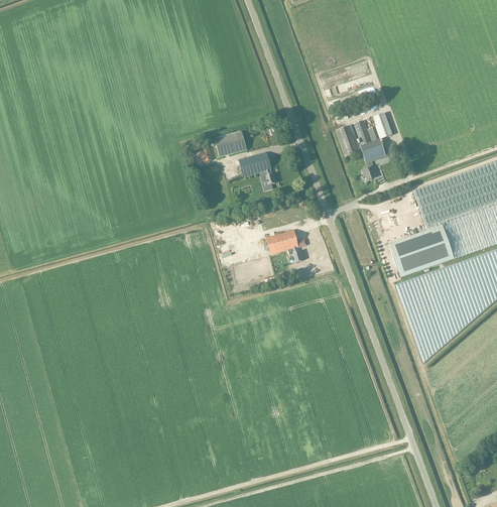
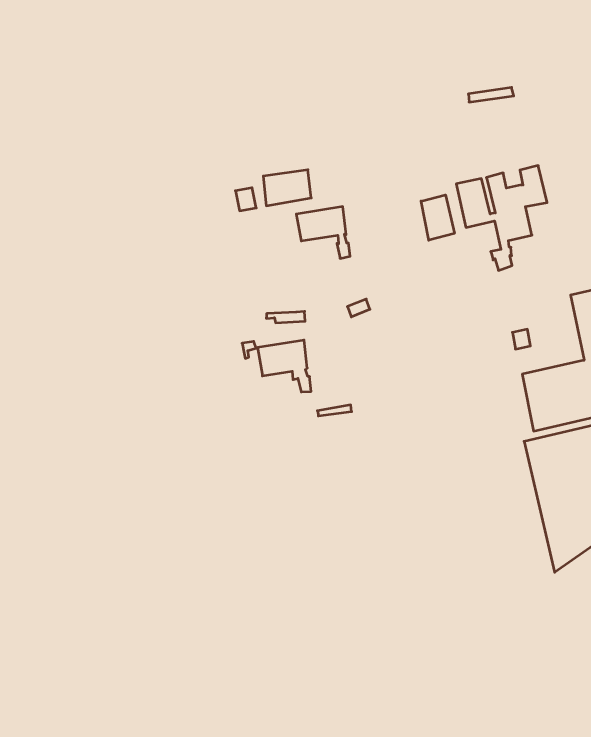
building: none -> [421,195,454,240]
building: [266,229,302,261] -> [257,340,311,392]

